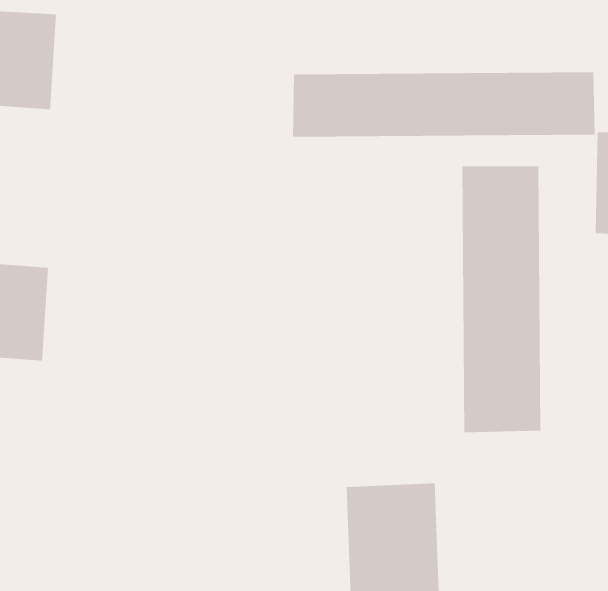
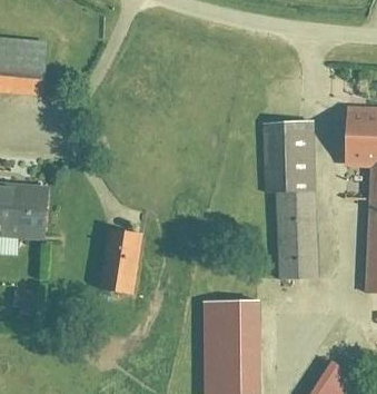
building: [292,71,595,138] -> none
building: none -> [103,233,141,288]

